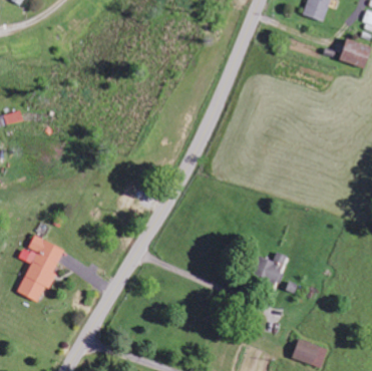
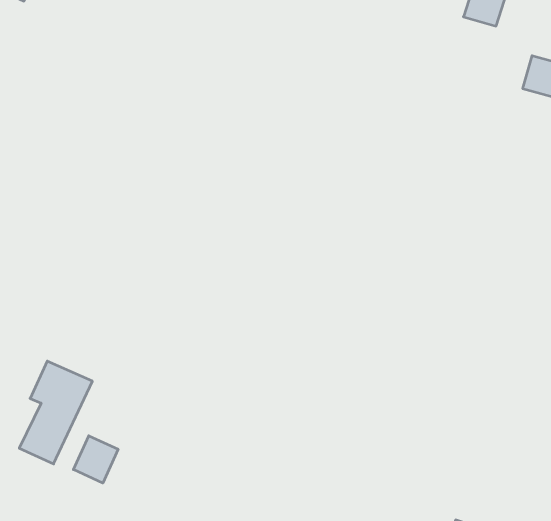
building: [254,252,287,284] -> none
building: none -> [73,436,118,483]

